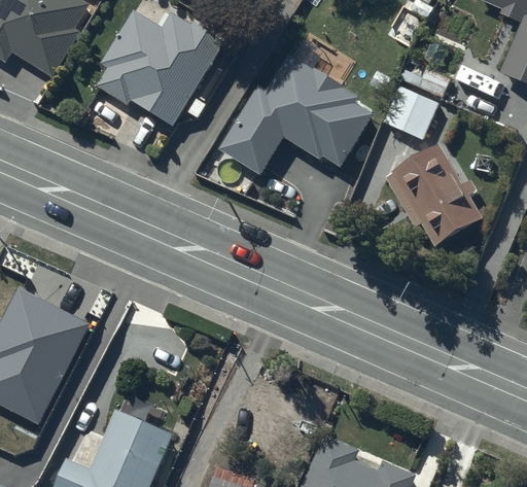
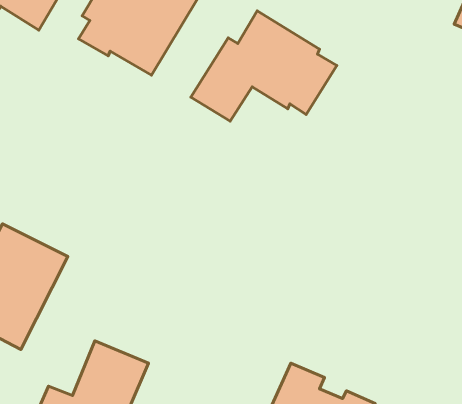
building: [385,85,438,138] -> none
building: [385,143,484,246] -> none

